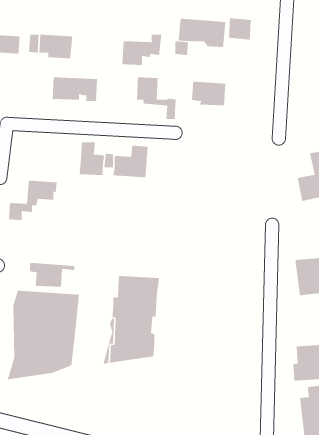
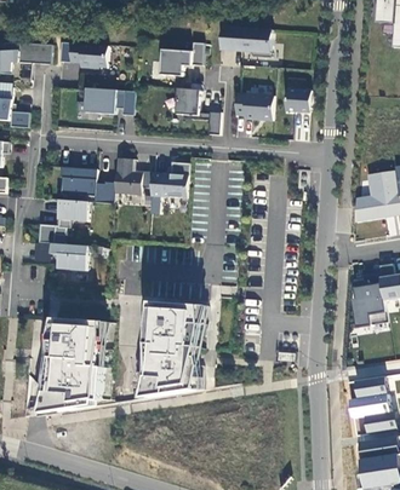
building: [228,18,253,40] -> [285,88,312,113]
building: none -> [61,167,115,203]
building: [29,263,75,287] -> [51,243,101,270]

